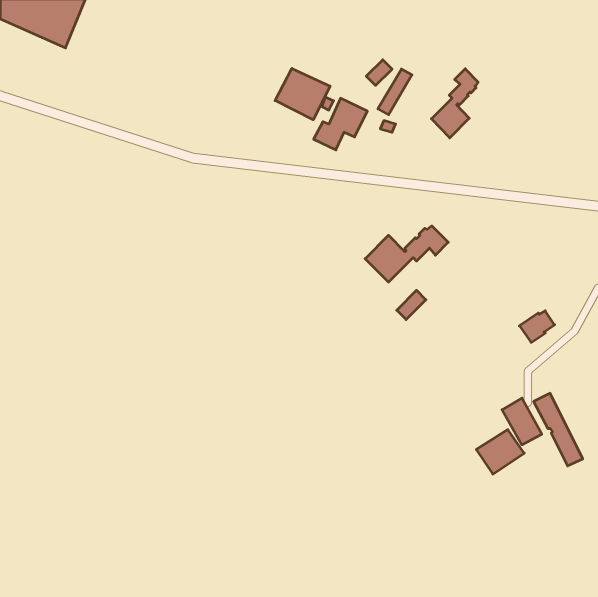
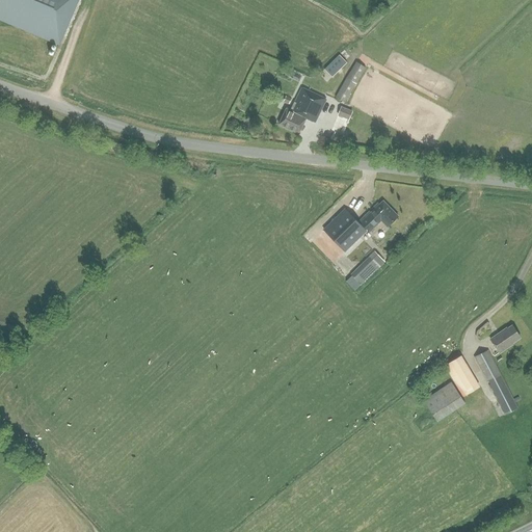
building: [275,68,330,120] -> none
building: [431,69,478,138] -> none
building: [519,311,555,342] -> [489,324,521,352]

